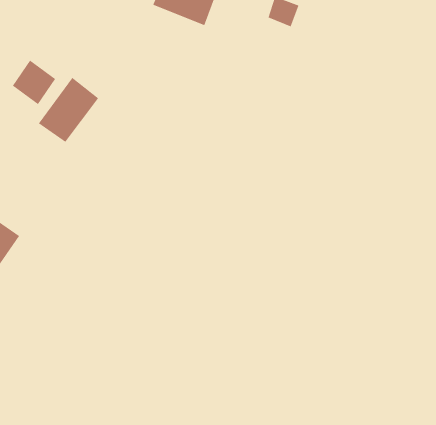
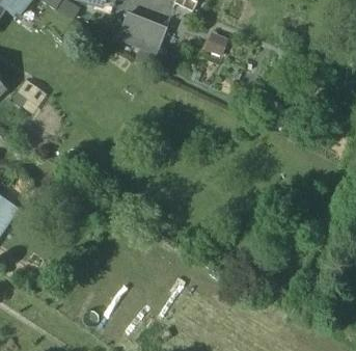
building: [38,77,99,143] -> none

